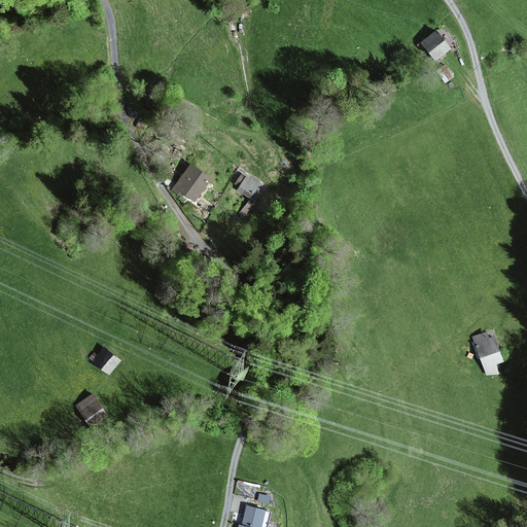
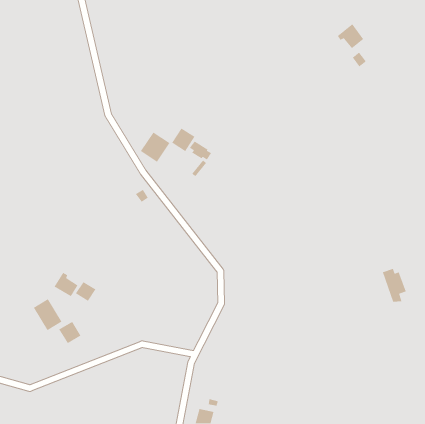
building: none -> [171,127,195,152]
building: none -> [53,272,79,297]
building: none -> [33,298,63,331]

